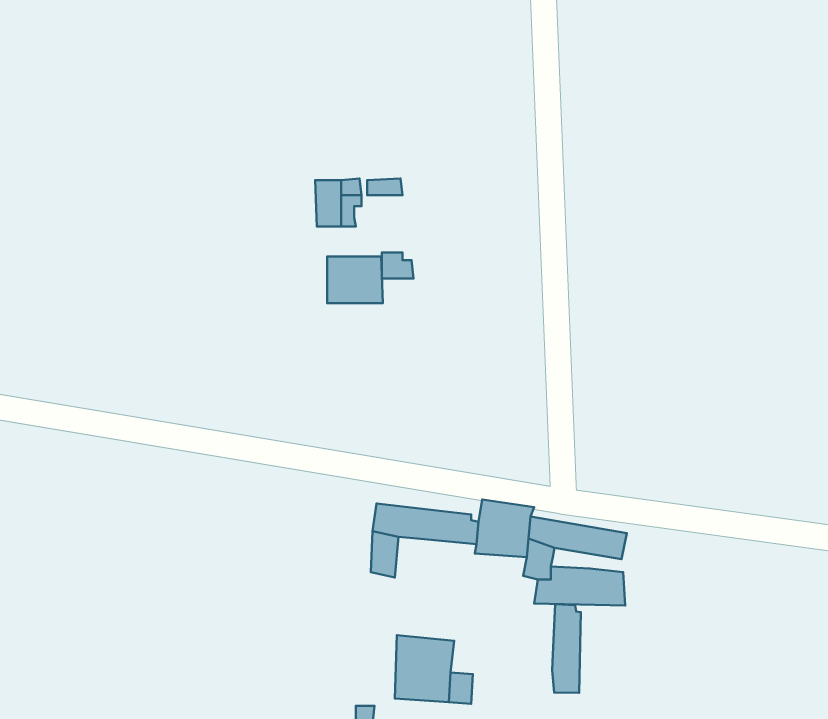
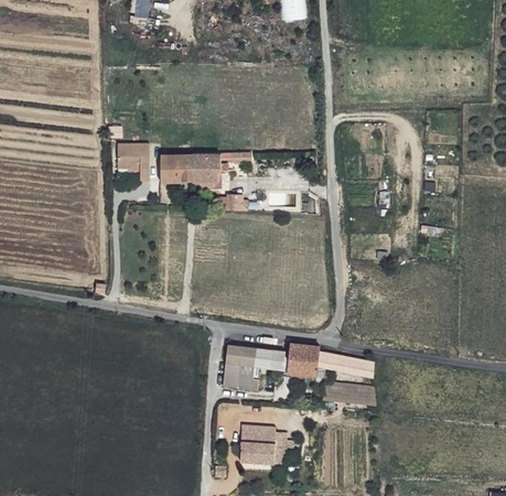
building: none -> [115,140,148,177]
building: [327,257,383,303] -> [160,153,193,181]
building: [552,604,581,693] -> none

